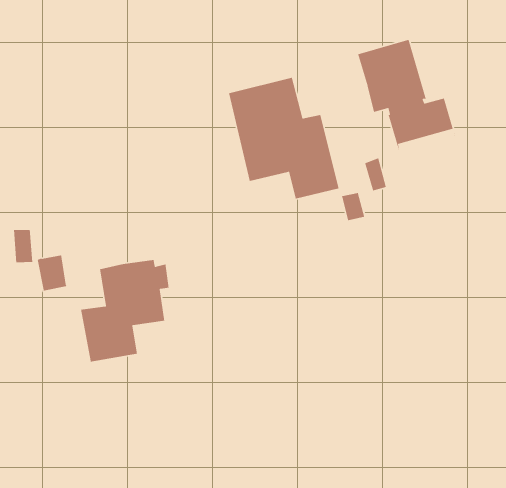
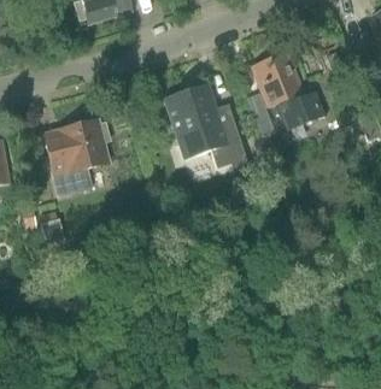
building: [80,259,169,363] -> [47,119,107,194]

